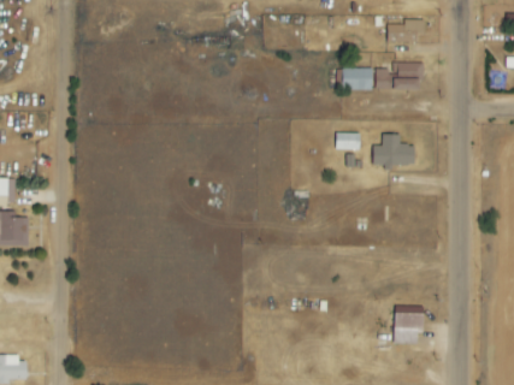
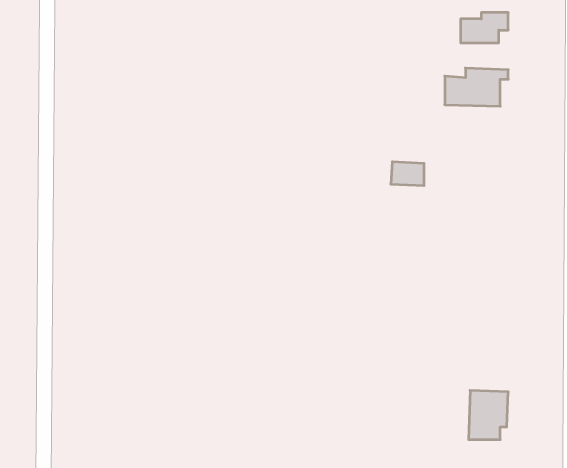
building: [342,69,372,91] -> none
building: [372,135,415,167] -> none

